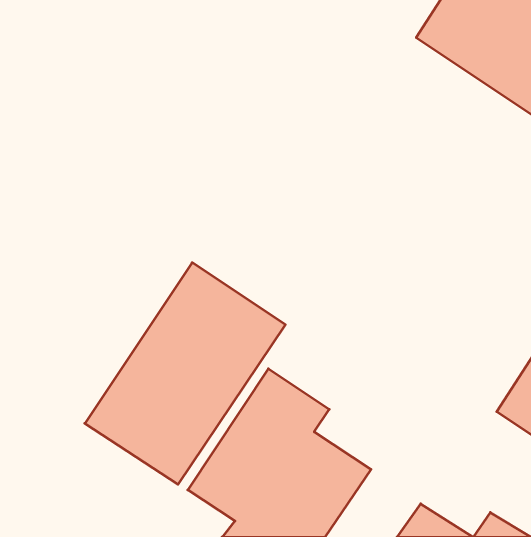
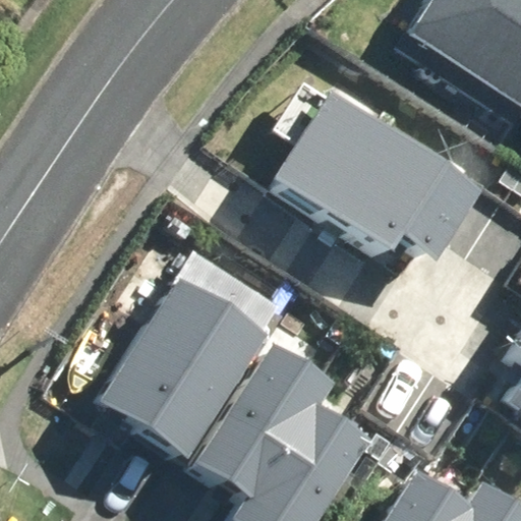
building: none -> [272,95,478,278]

